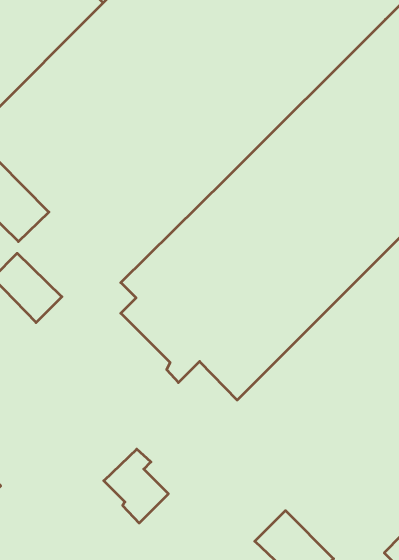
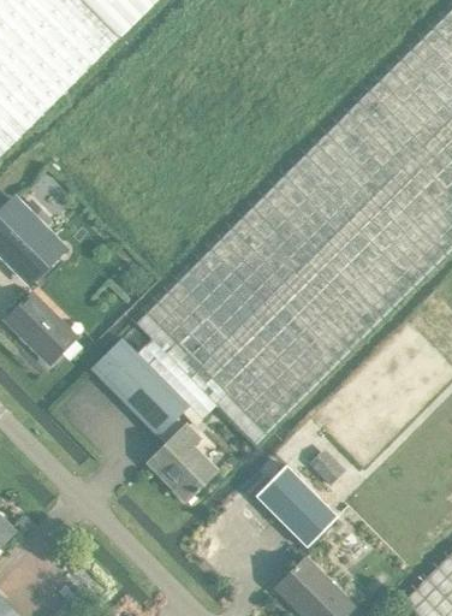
building: none -> [90,339,186,436]
building: none -> [255,466,337,547]
building: [104,449,168,523] -> [150,425,216,500]

